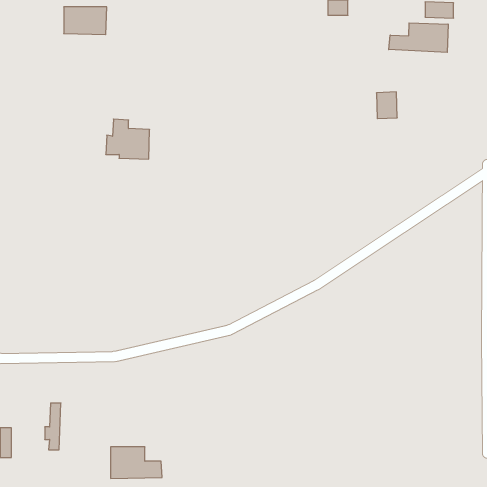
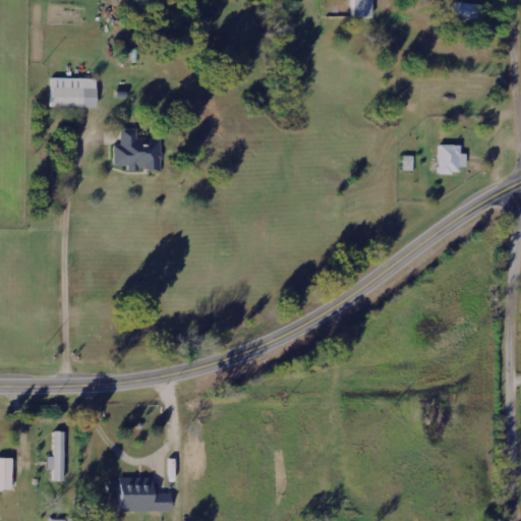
building: [64,7,107,35] -> [51,77,97,107]
building: [389,23,448,52] -> none
building: [376,92,397,119] -> [438,144,460,173]

